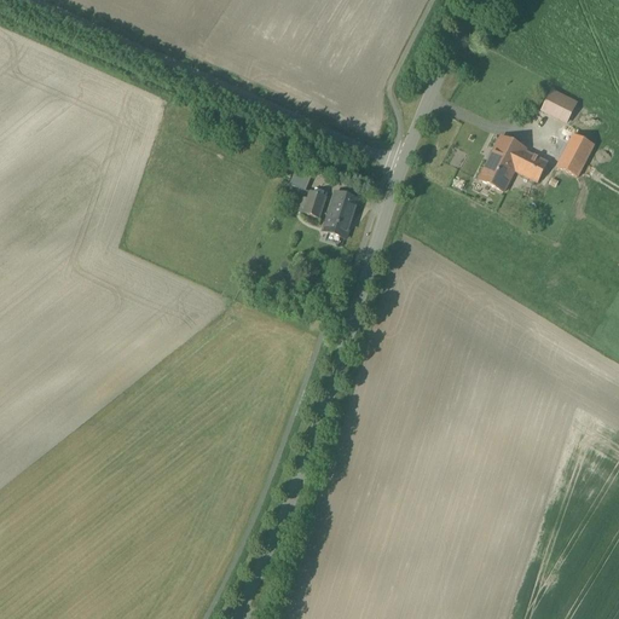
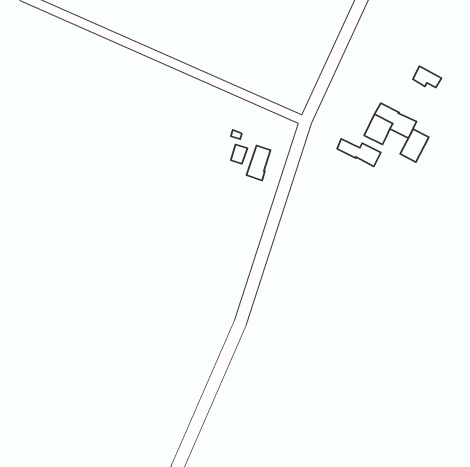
building: [556,132,594,175] -> [400,129,429,162]
building: none -> [337,139,381,167]

